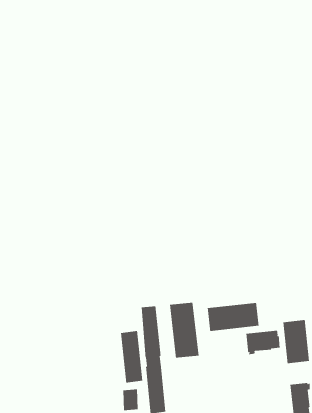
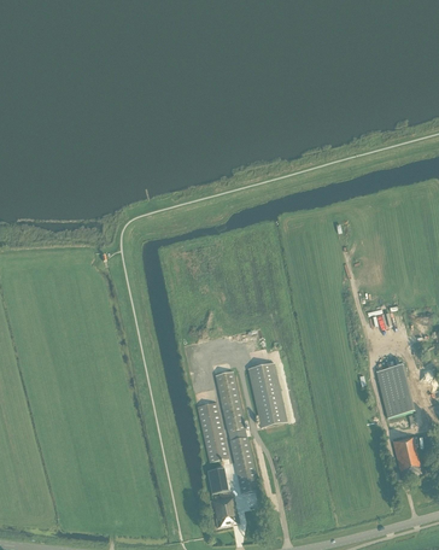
building: [207,302,259,332] -> none
building: [246,330,280,355] -> none

